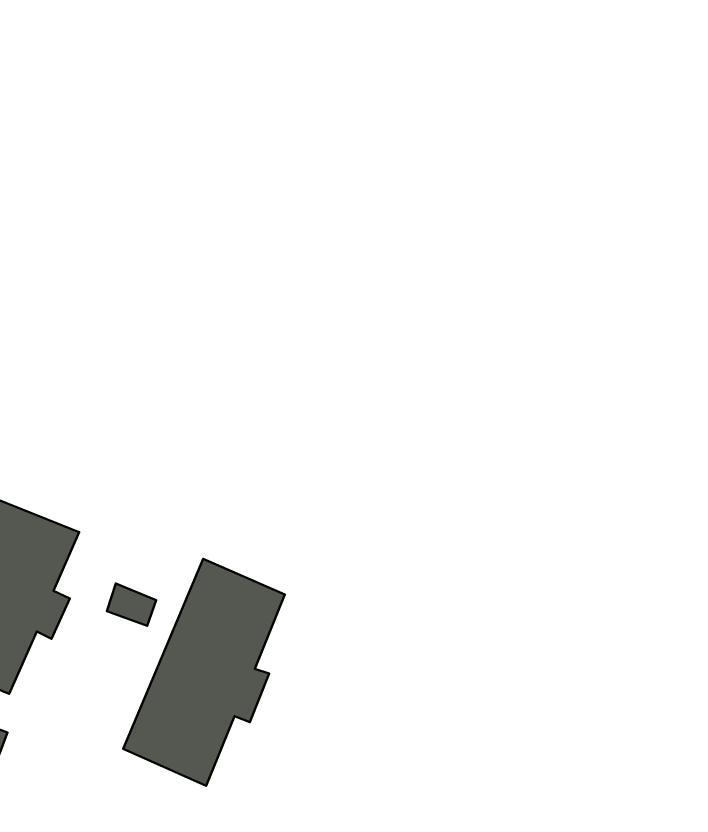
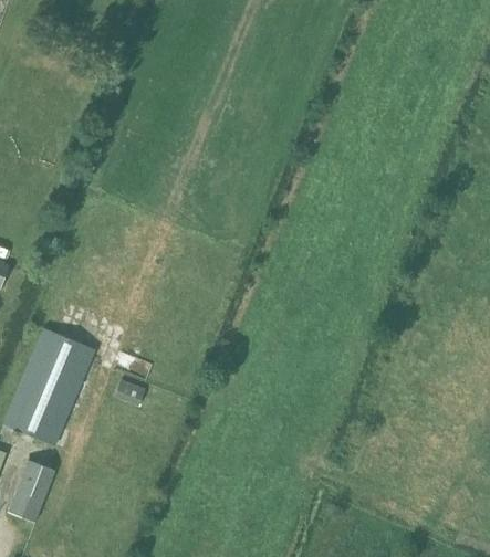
building: [123,559,285,786] -> none

